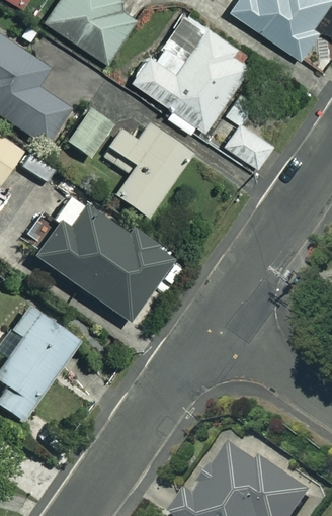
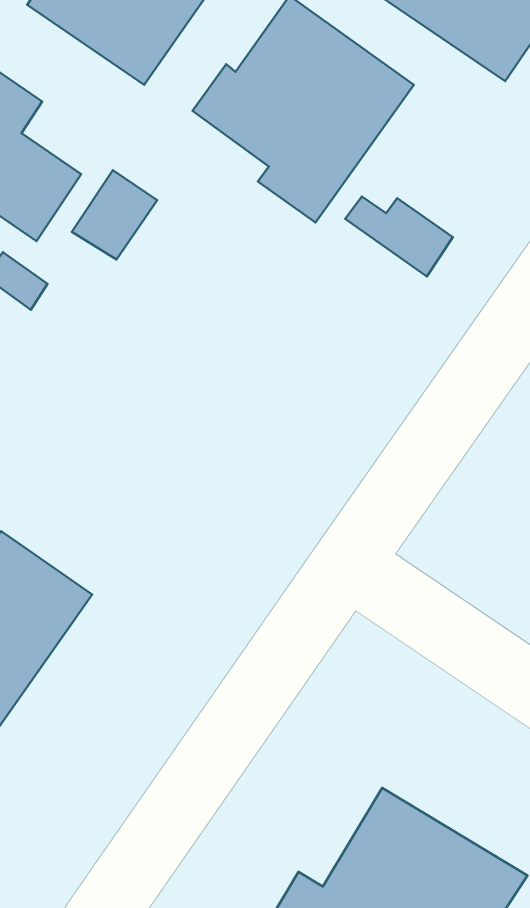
building: [100,121,191,217] -> none
building: [33,203,171,320] -> none

